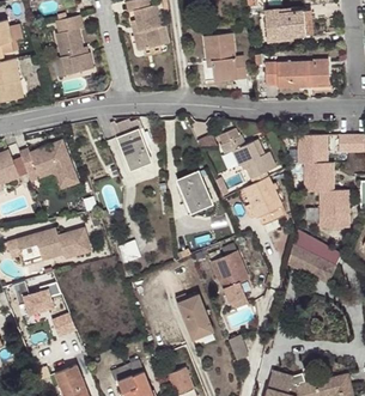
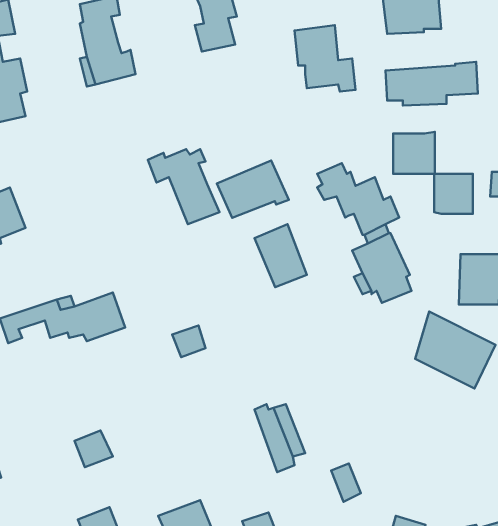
building: none -> [217,161,289,218]
building: [17,135,77,184] -> none
building: [304,163,333,191] -> [393,132,435,174]
building: [208,243,248,304] -> none
building: [23,282,62,317] -> none

